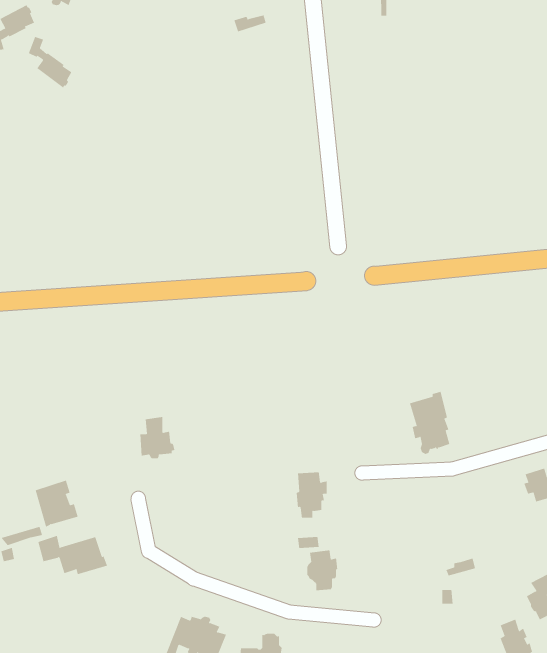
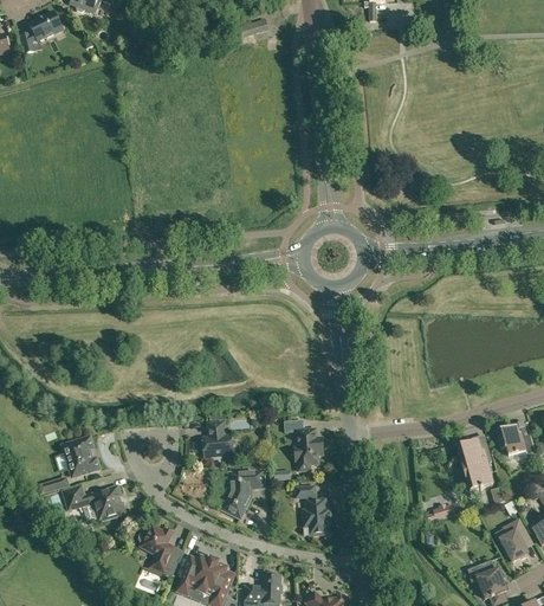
building: [28,36,72,89] -> none
building: [409,391,450,455] -> [456,436,493,492]
building: [139,417,175,459] -> [203,420,235,458]
building: none -> [222,469,265,517]
building: none -> [141,523,177,574]

